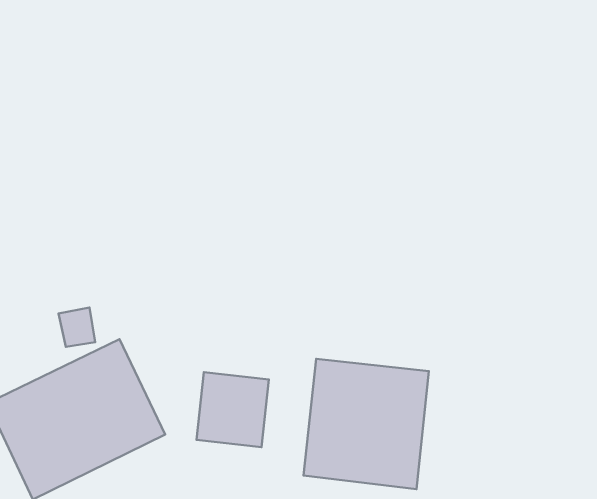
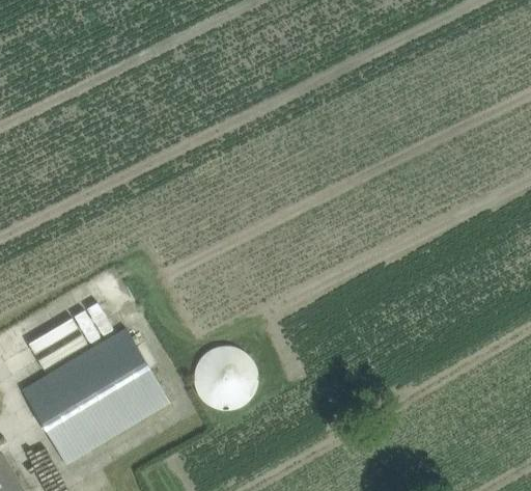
building: [304,359,429,489] -> none

